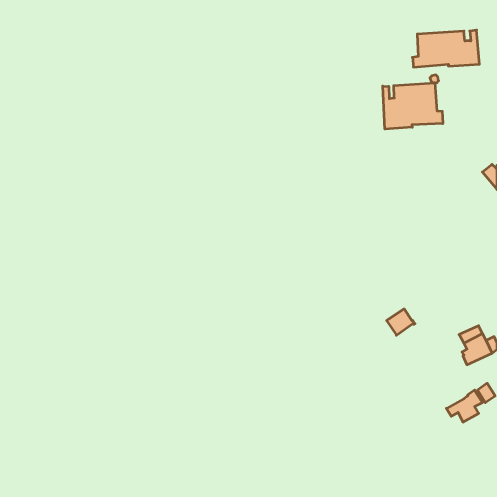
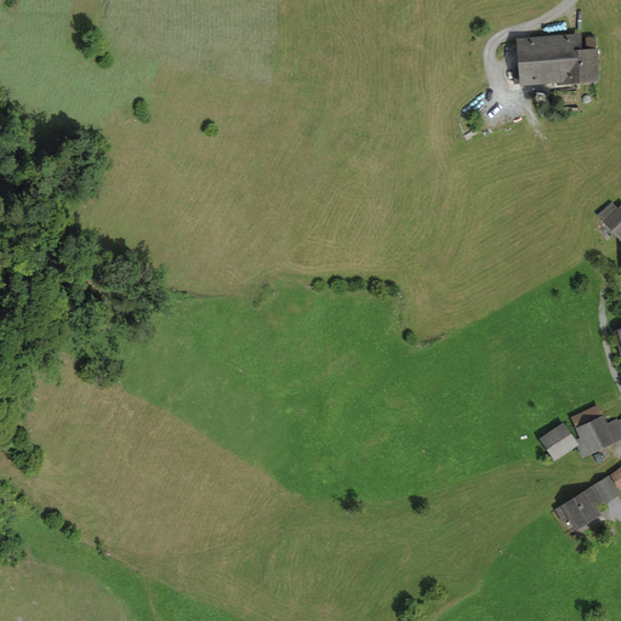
building: [383,83,443,129] -> none
building: [387,309,415,335] -> [543,425,579,457]

